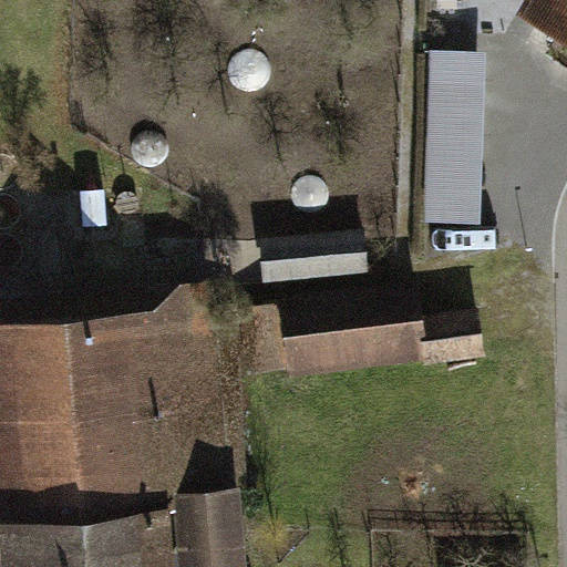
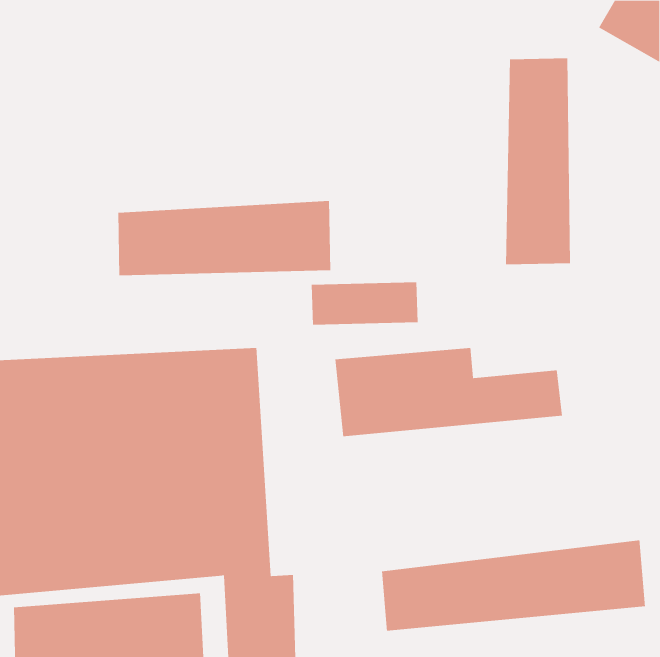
building: none -> [118,200,331,276]
building: none -> [381,539,646,632]

